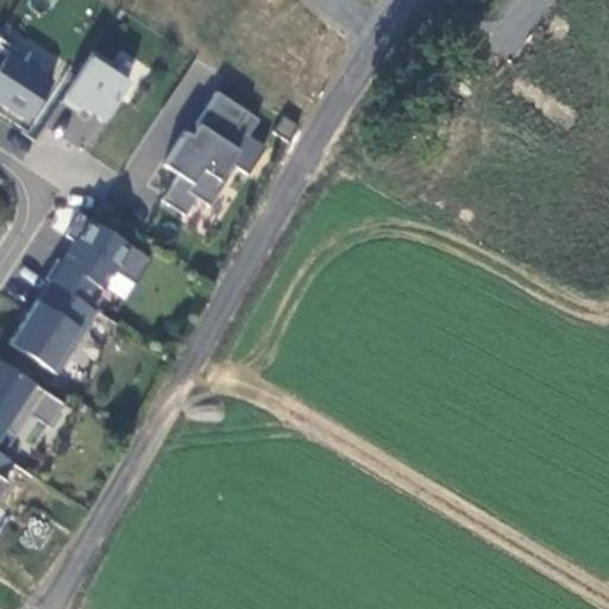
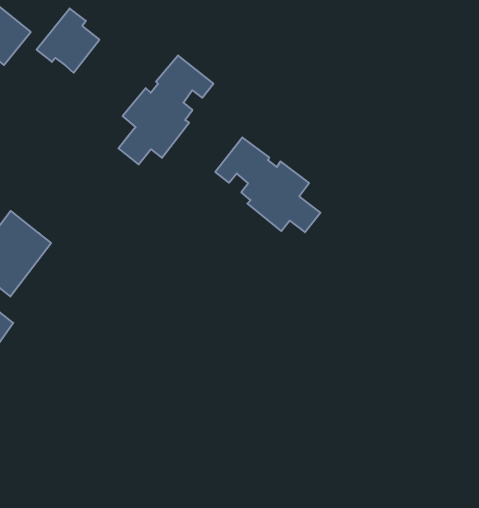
building: none -> [215,137,320,232]
building: [46,212,152,301] -> none

